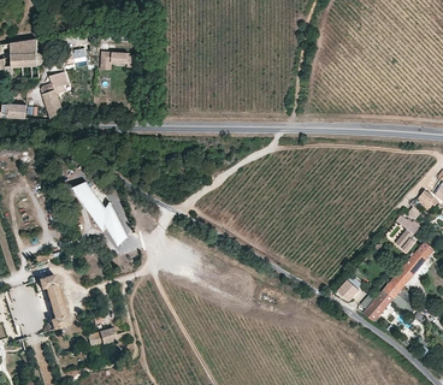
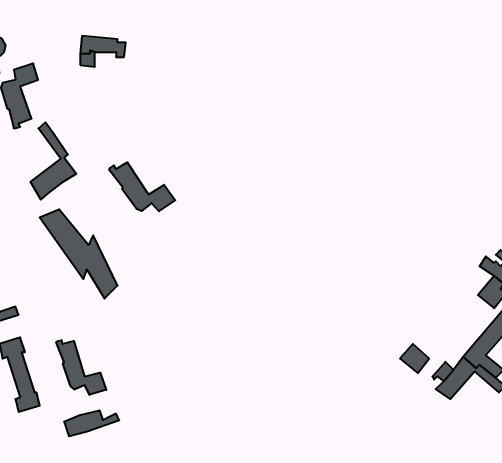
building: none -> [31,122,76,200]
building: none -> [109,162,175,211]
building: none -> [56,340,106,395]

